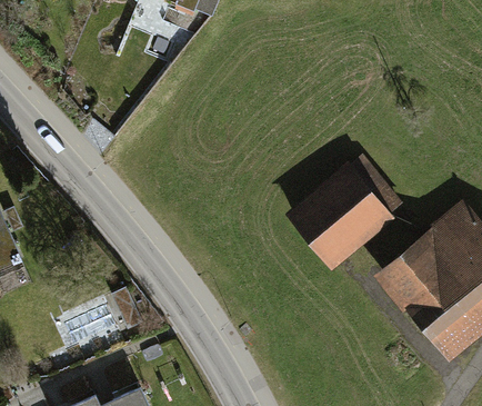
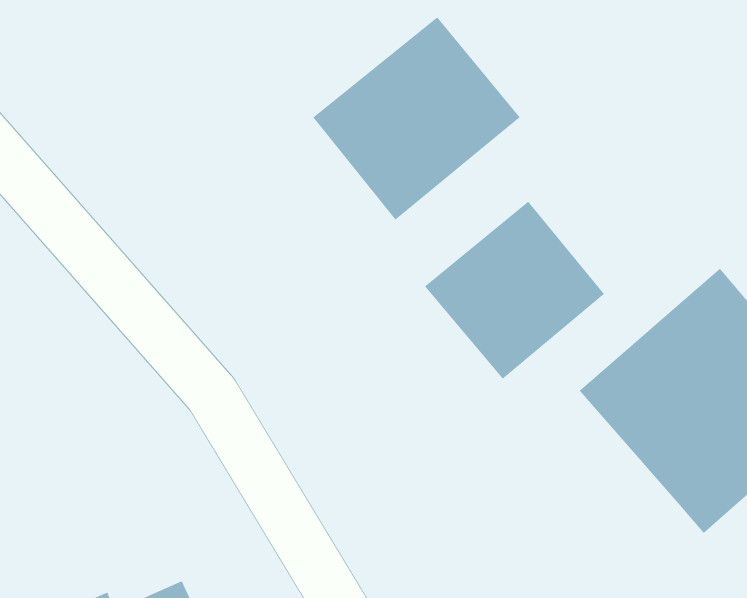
building: none -> [313,17,520,220]

